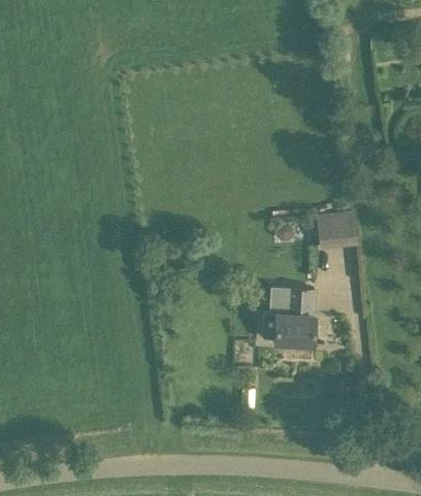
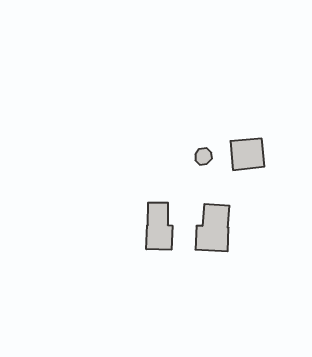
building: none -> [146,203,172,250]

